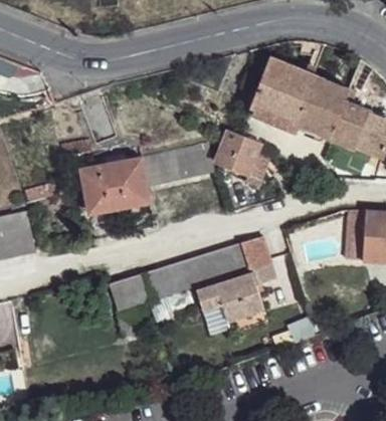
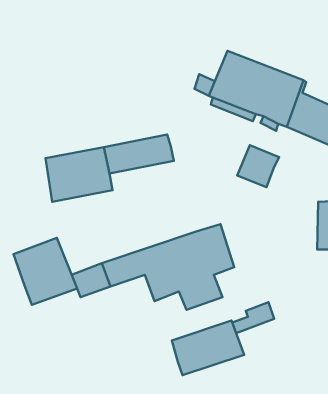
building: [217,131,260,174] -> [237,145,279,187]
building: none -> [14,238,77,305]
building: none -> [172,320,244,375]

